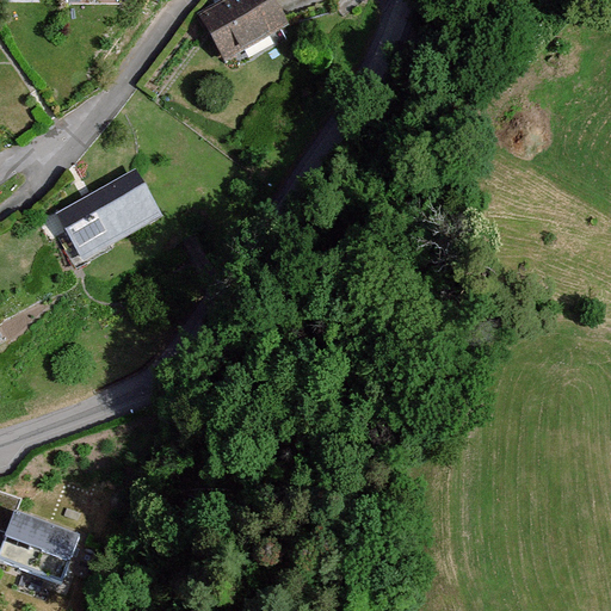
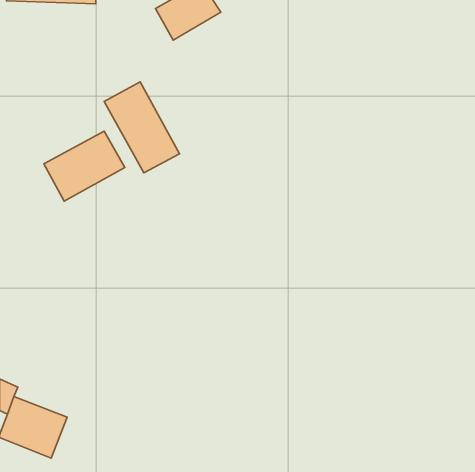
building: none -> [104,82,180,173]

